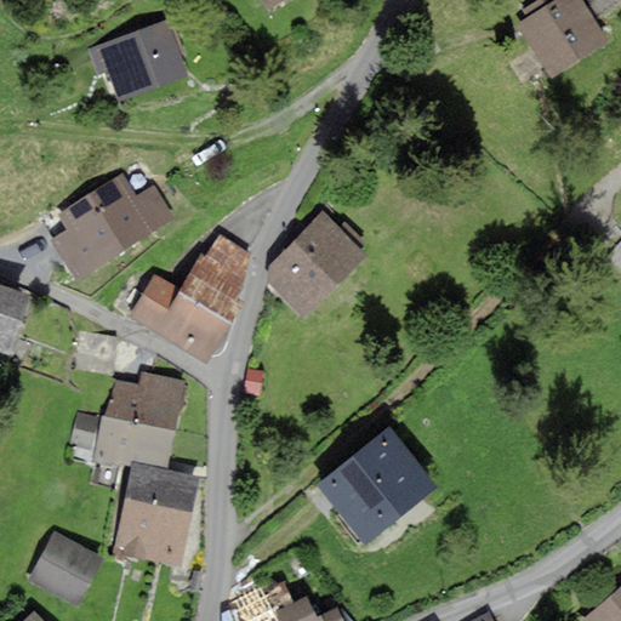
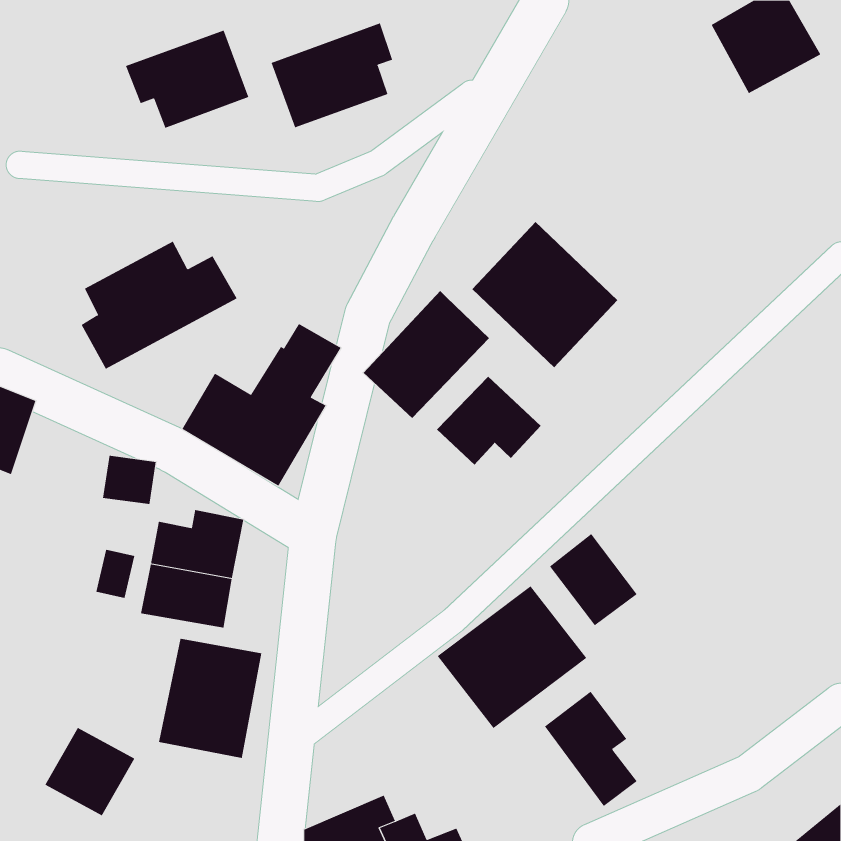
building: none -> [271,23,393,128]
building: none -> [471,221,618,368]
building: none -> [436,376,541,465]
building: none -> [549,533,638,626]
building: none -> [544,691,637,807]

